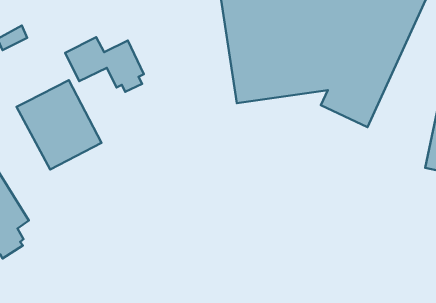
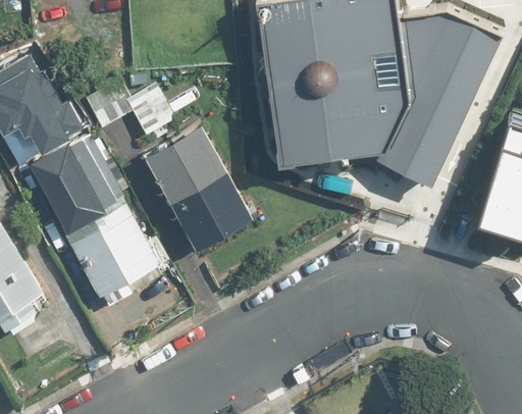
building: none -> [19,94,87,156]
building: none -> [143,125,252,251]
building: none -> [65,204,159,305]

